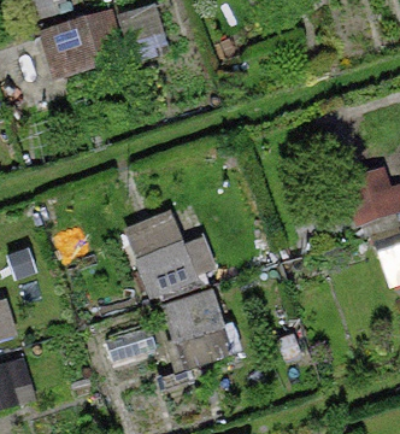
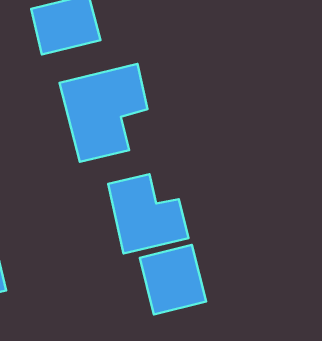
building: none -> [59,64,147,162]

